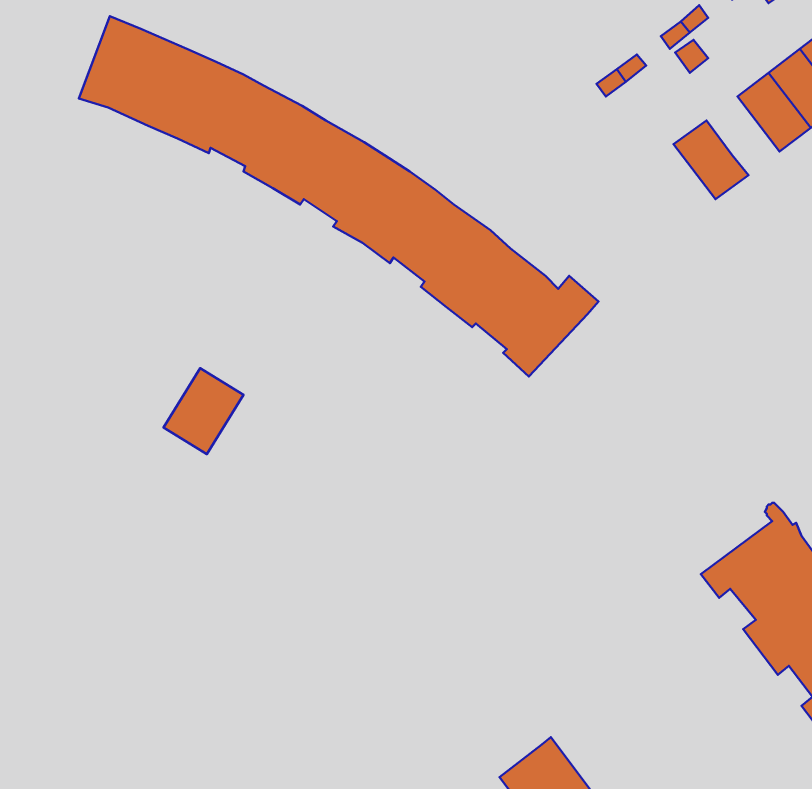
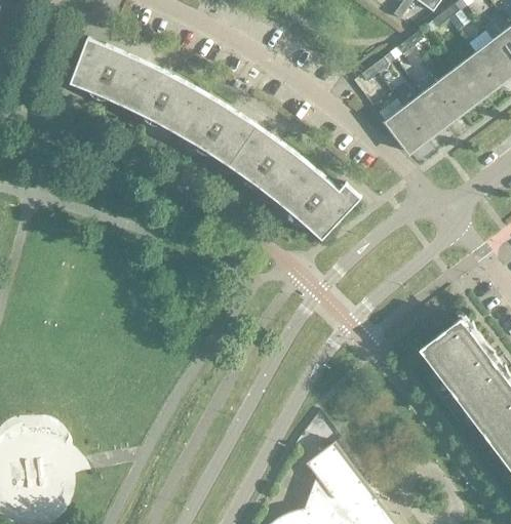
building: none -> [421,83,462,127]
building: none -> [384,110,426,155]
building: [164,368,243,454] -> none

